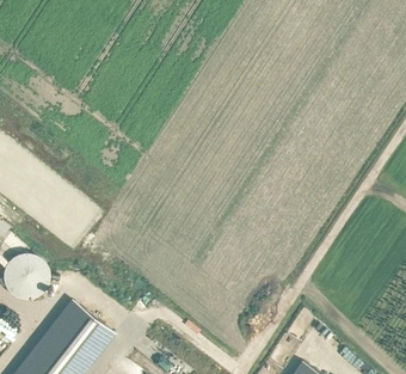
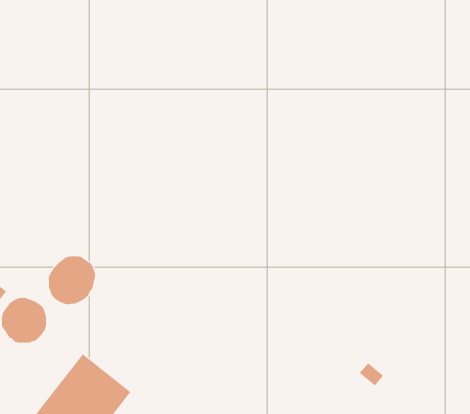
building: none -> [48,255,96,305]

